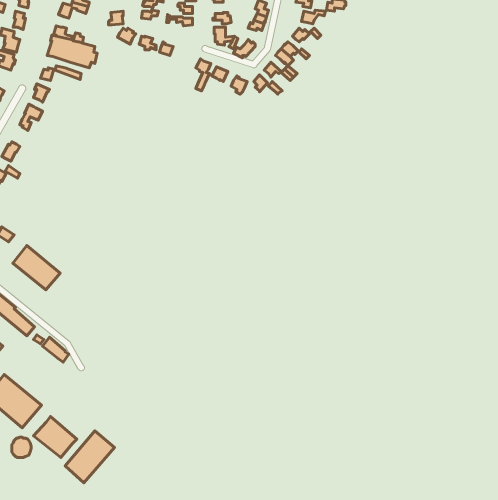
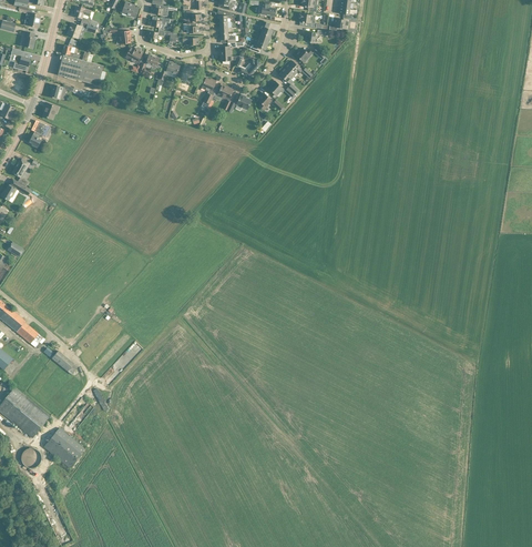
building: [13,245,60,290] -> none
building: [65,431,115,483] -> none

